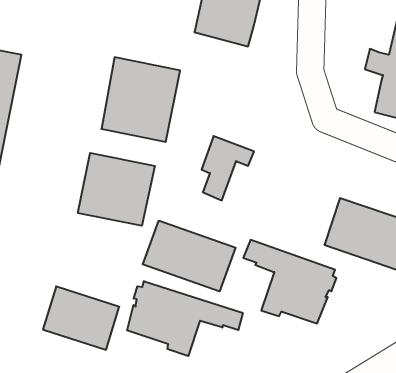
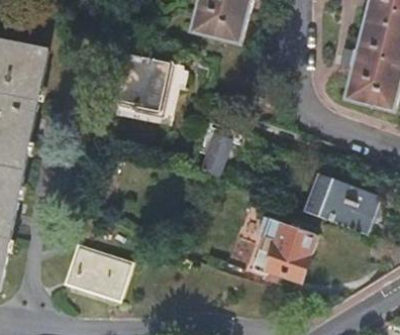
building: [78,153,155,226] -> none
building: [143,221,236,291] -> none
building: [127,281,243,356] -> none

